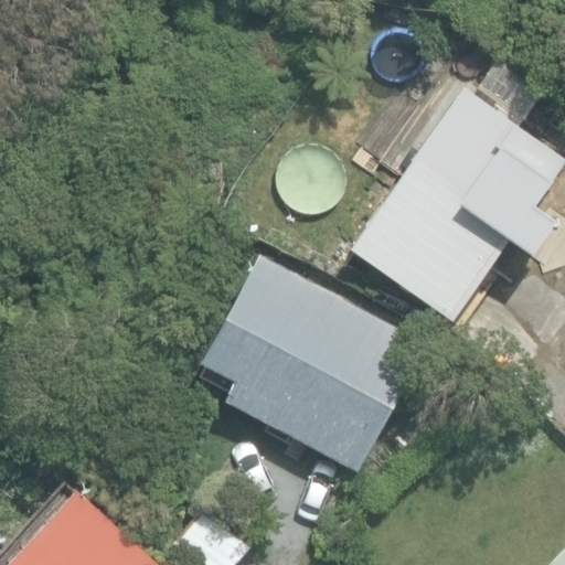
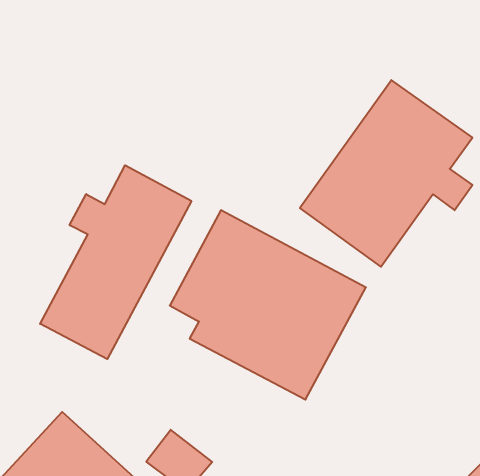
building: none -> [40,165,191,359]

